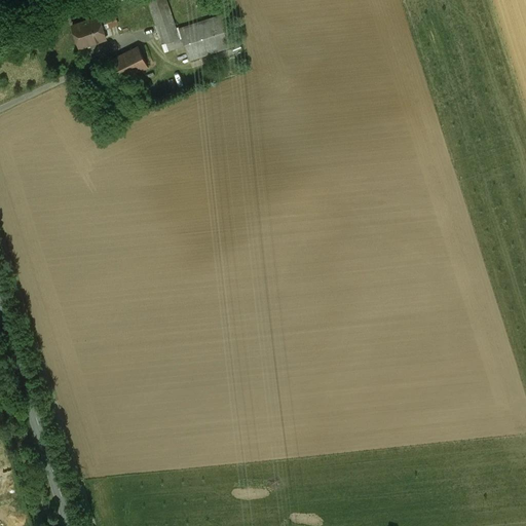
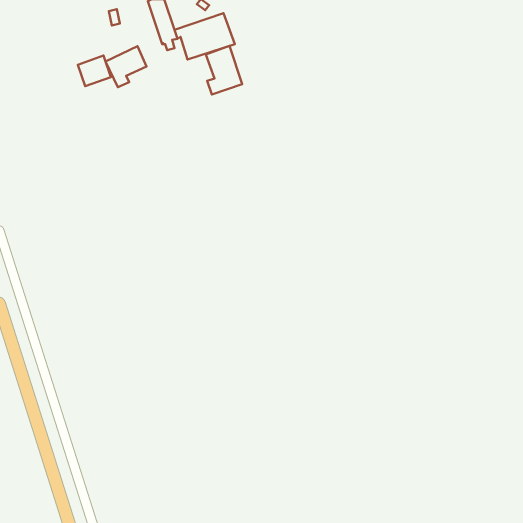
building: [72,16,105,47] -> [78,55,111,86]
building: none -> [206,46,242,94]

